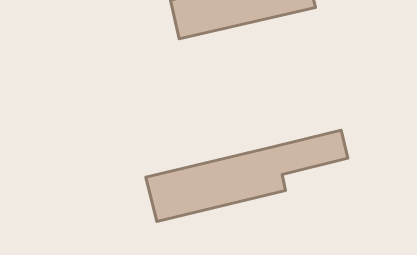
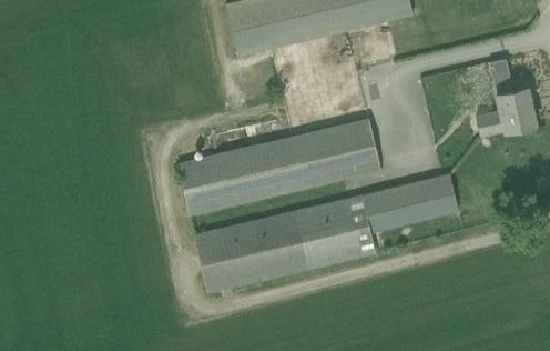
building: none -> [475,59,534,137]
building: none -> [177,118,381,215]

